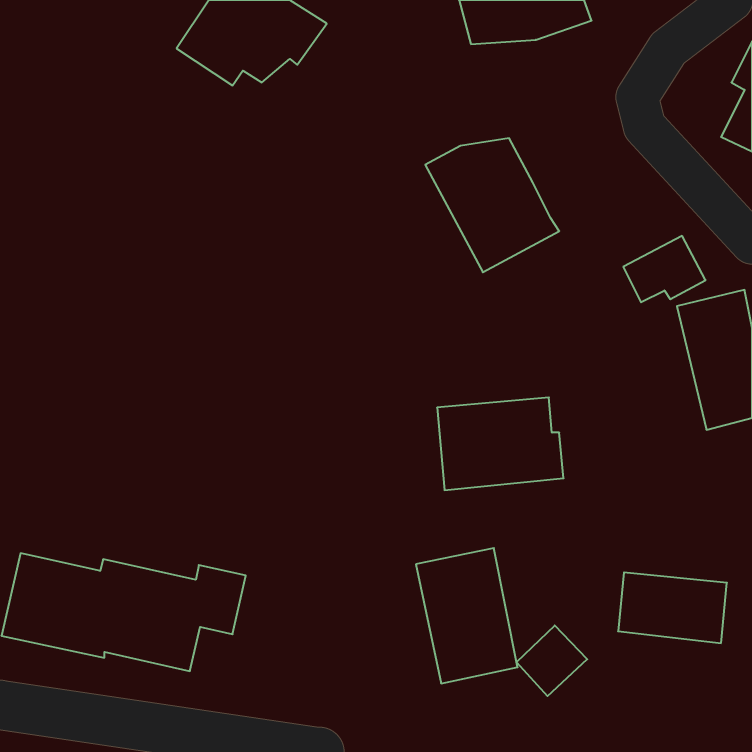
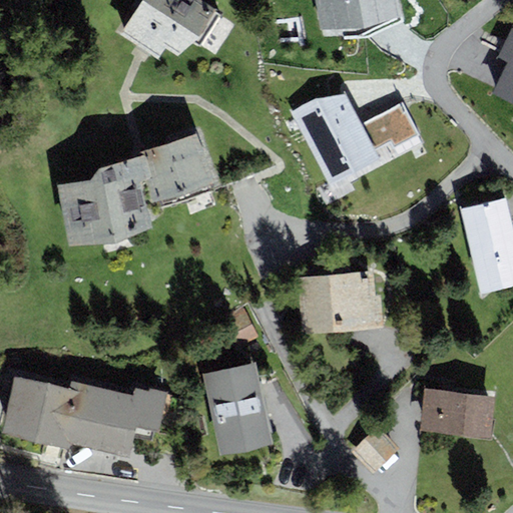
building: none -> [58,133,214,245]
building: [623,236,706,302] -> [363,103,419,148]
building: [416,548,518,683] -> [203,363,273,455]

